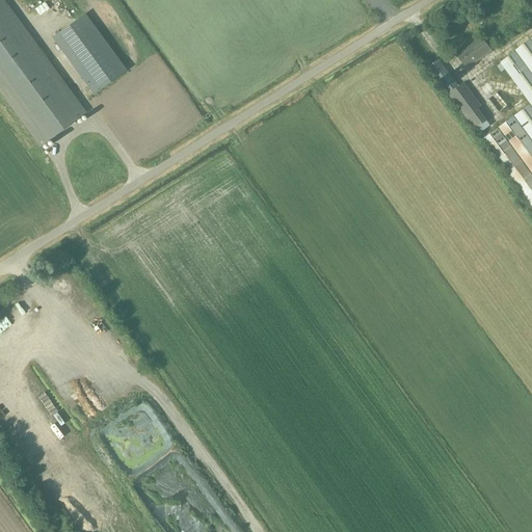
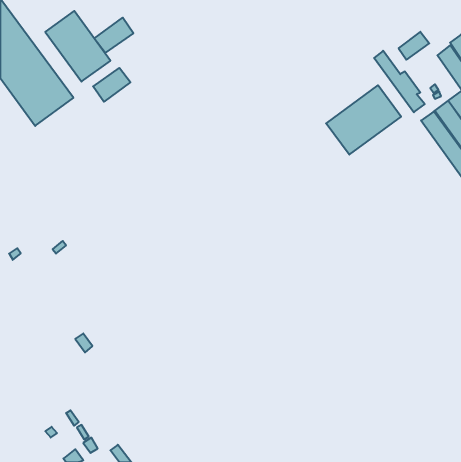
building: none -> [94,18,133,53]
building: none -> [93,68,130,102]
building: none -> [326,85,401,155]

